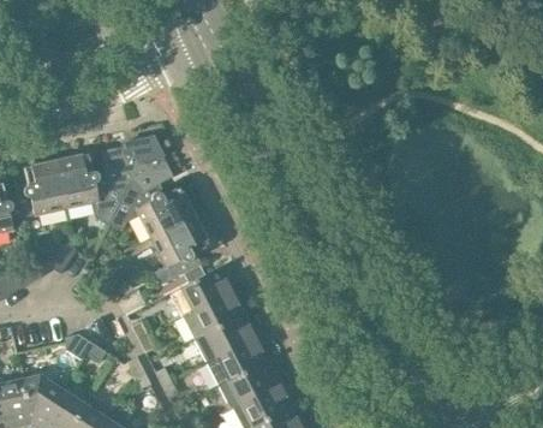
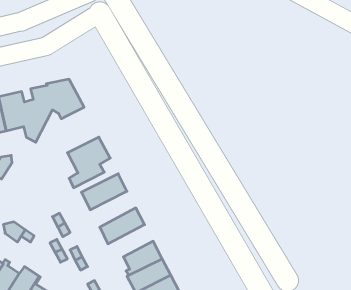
building: [107,176,193,238] -> none
building: [181,291,244,340] -> none
building: [205,337,268,386] -> none

